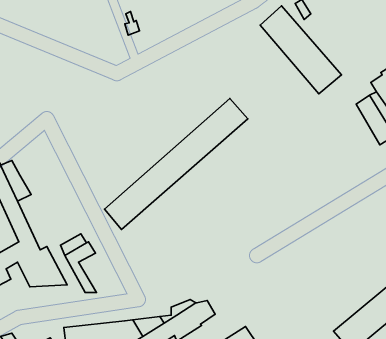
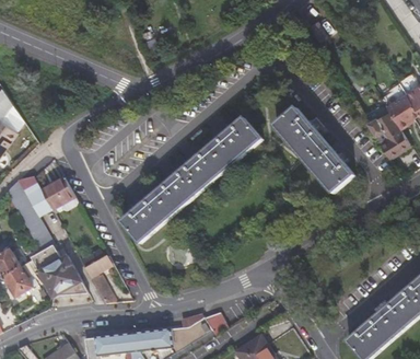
building: [260,6,341,94] -> [276,104,354,189]
building: none -> [39,176,75,209]

